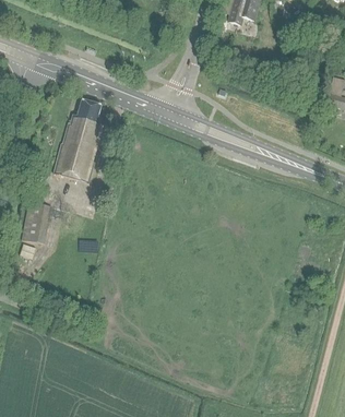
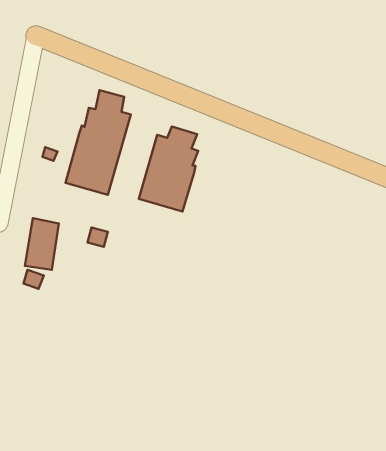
building: none -> [139,127,198,211]

